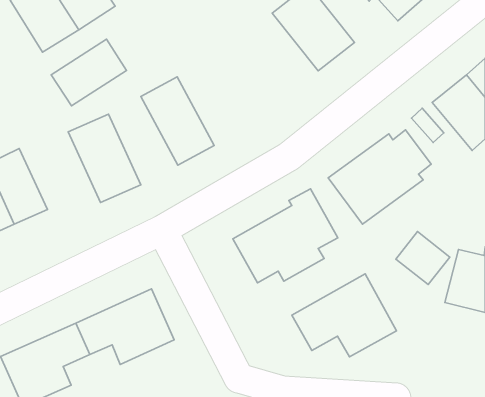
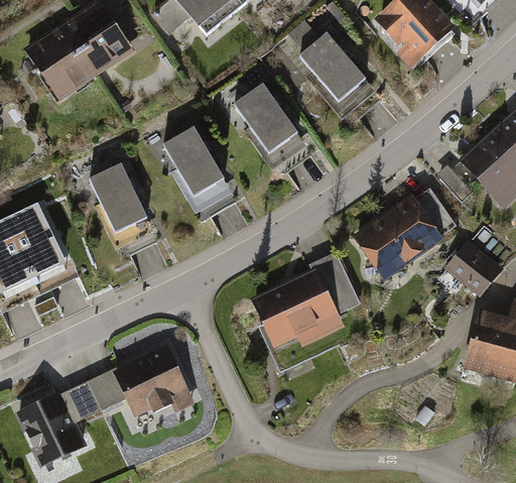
building: none -> [229,82,310,172]
building: [51,39,127,106] -> none
building: [396,232,450,285] -> [446,234,502,288]
building: [292,274,396,357] -> none

